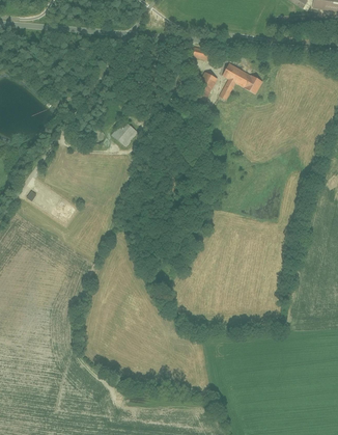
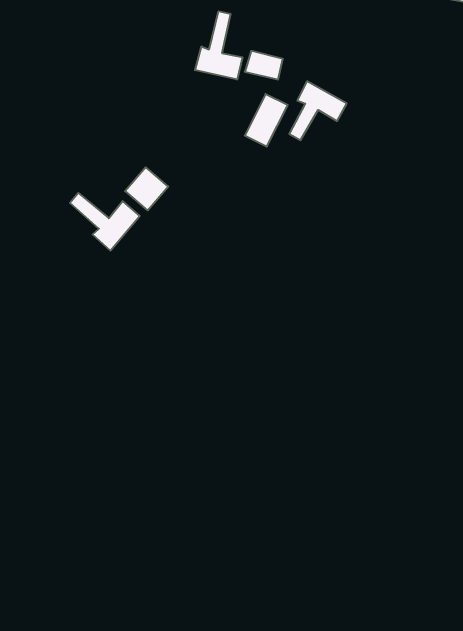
building: none -> [195,11,242,80]
building: none -> [70,193,140,251]

